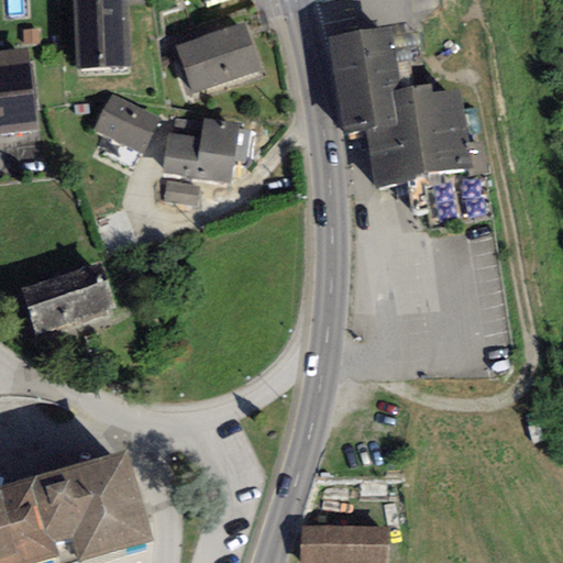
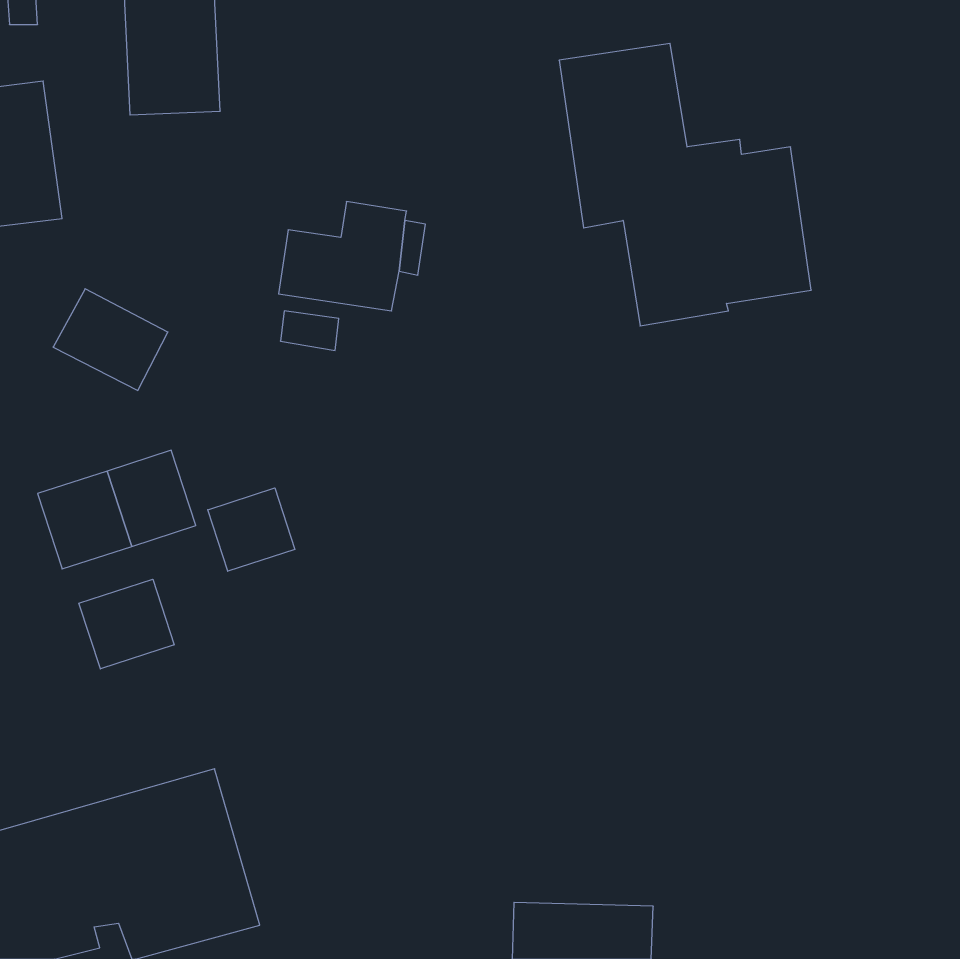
building: [176,22,260,92] -> none
building: [92,93,159,153] -> [53,289,168,390]
building: none -> [208,488,295,571]
building: none -> [79,579,174,669]

